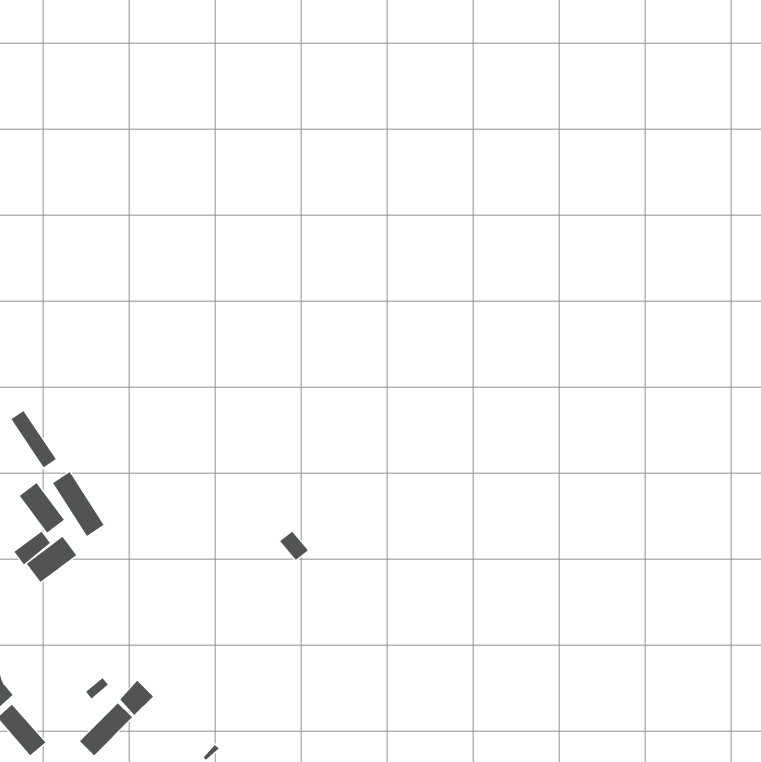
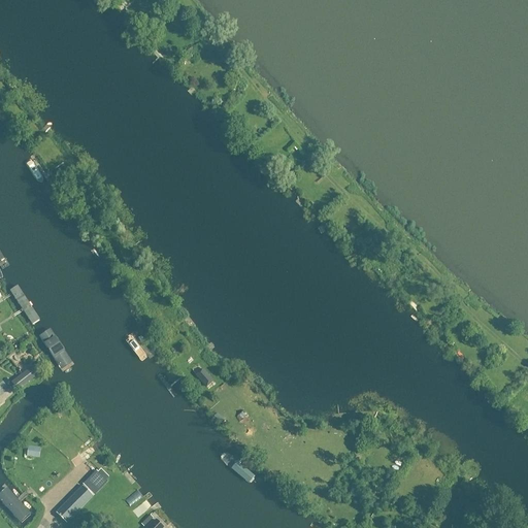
building: [19,482,65,533] -> none
building: [26,536,77,583] -> none

